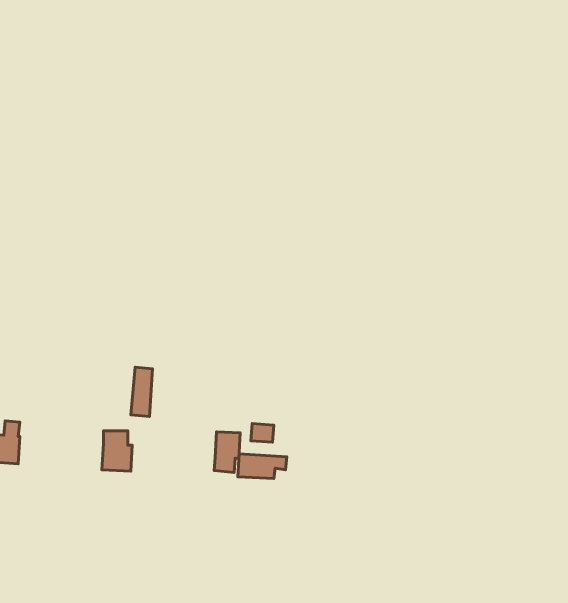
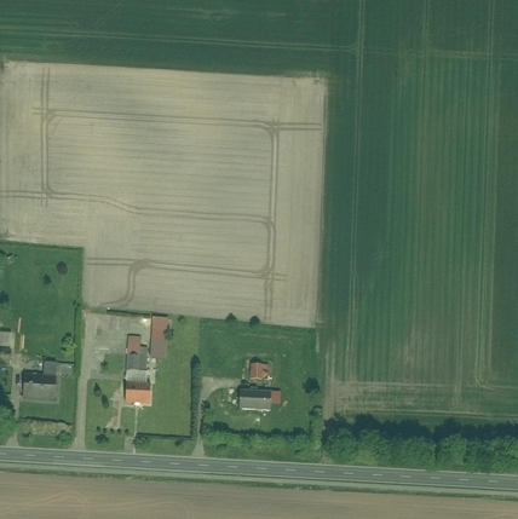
building: none -> [126,336,146,370]
building: [214,432,240,473] -> none

